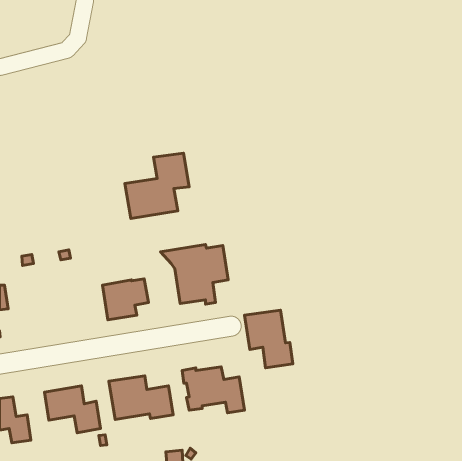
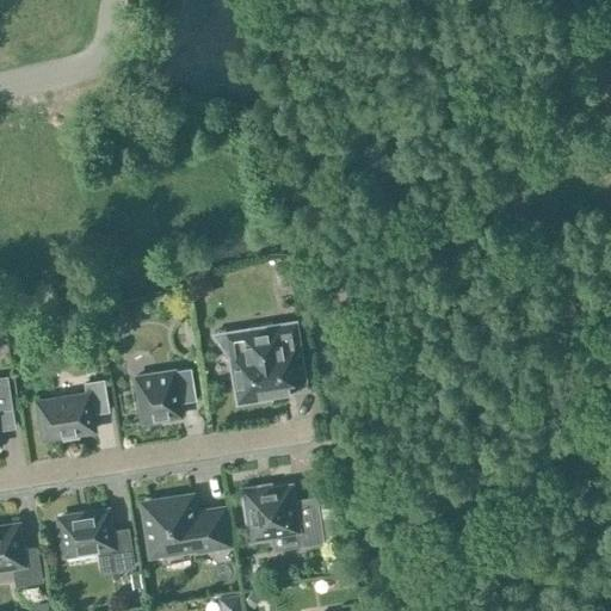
building: [125,153,189,218] -> none
building: none -> [37,382,107,439]
building: [245,310,293,368] -> none

